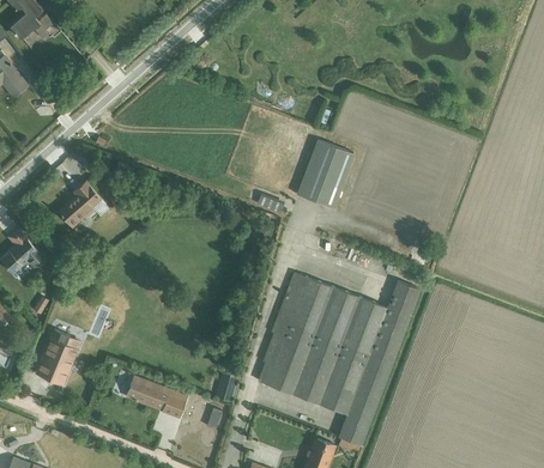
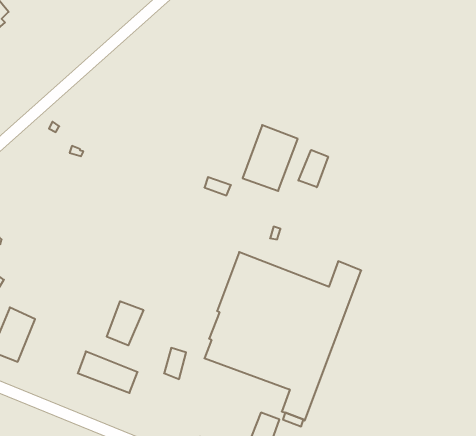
building: none -> [298,150,328,187]
building: [56,180,108,227] -> none
building: none -> [107,301,143,345]

